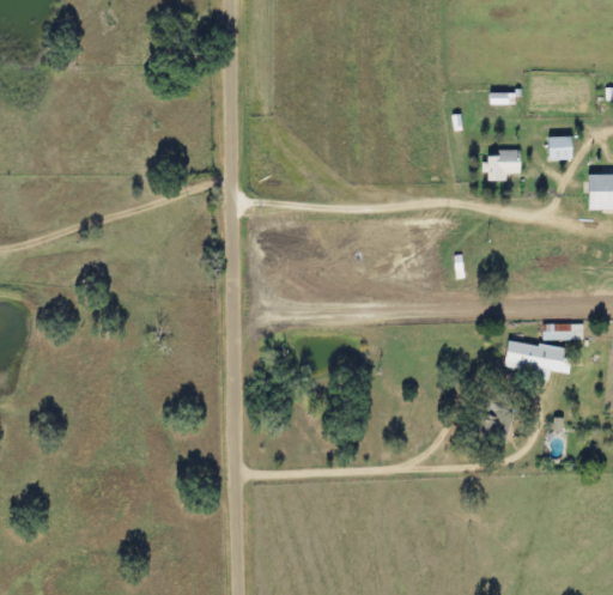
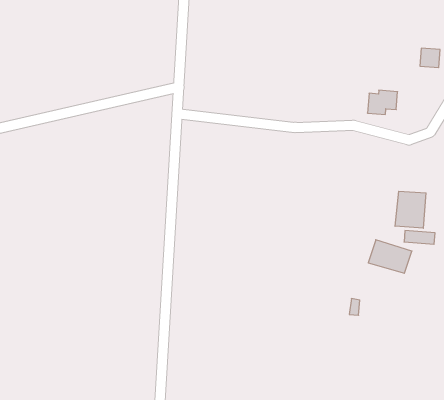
building: [548,136,572,159] -> [420,48,440,68]
building: none -> [395,191,426,228]

